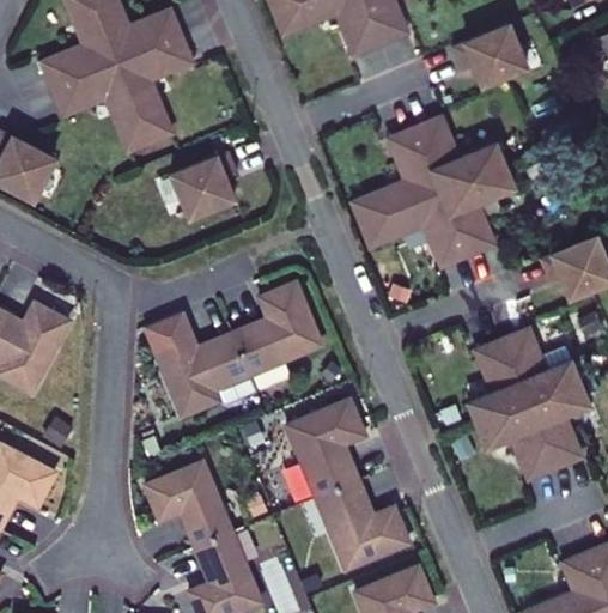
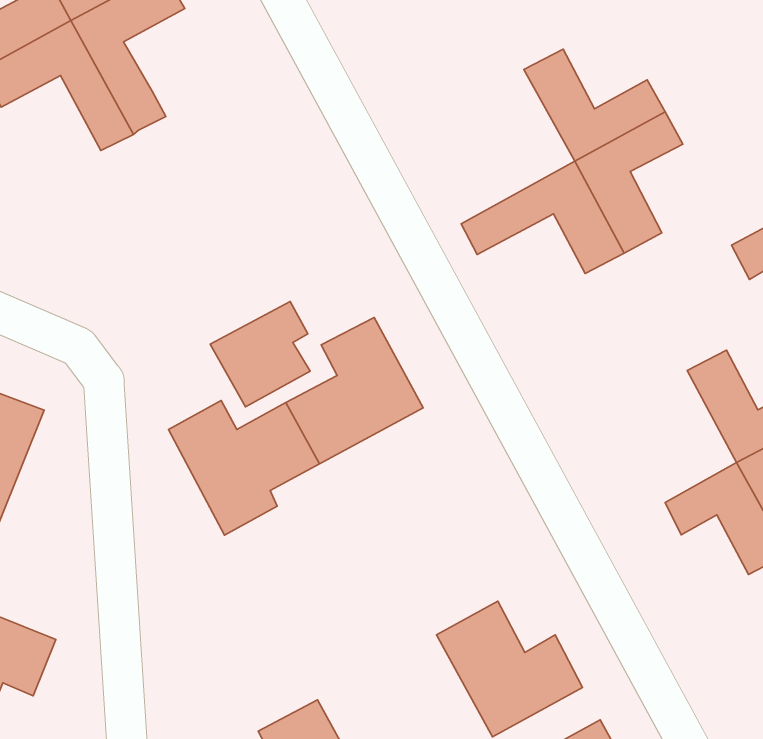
building: [352,127,442,225] -> none
building: [171,151,237,218] -> [210,301,310,407]
building: [468,339,528,425] -> none
building: [286,397,365,497] -> none
building: [139,459,232,548] -> none

